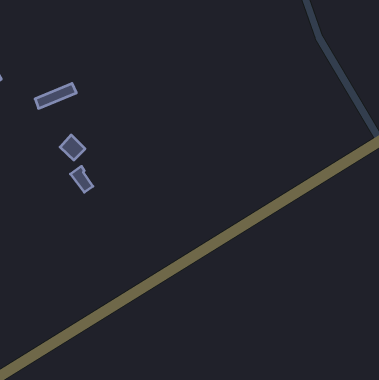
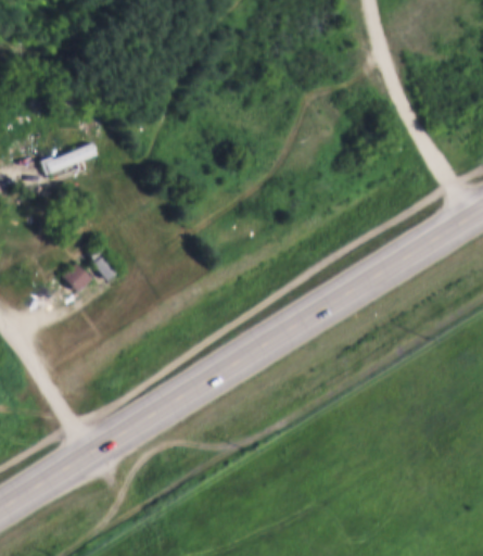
building: [60,135,85,160] -> [61,263,92,294]

